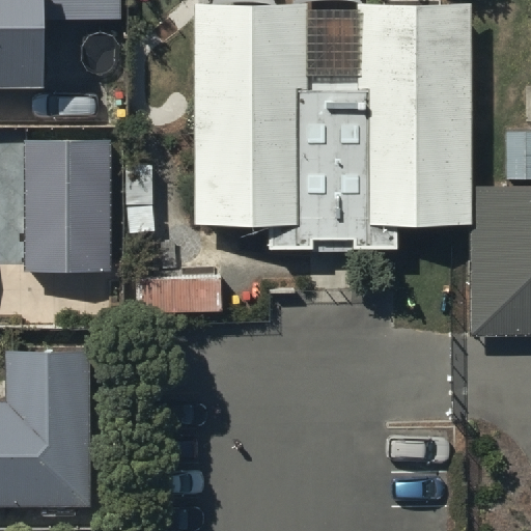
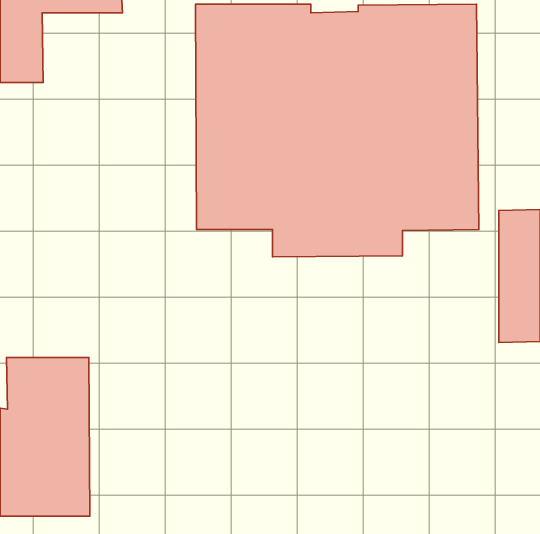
building: [25,140,110,272] -> none

